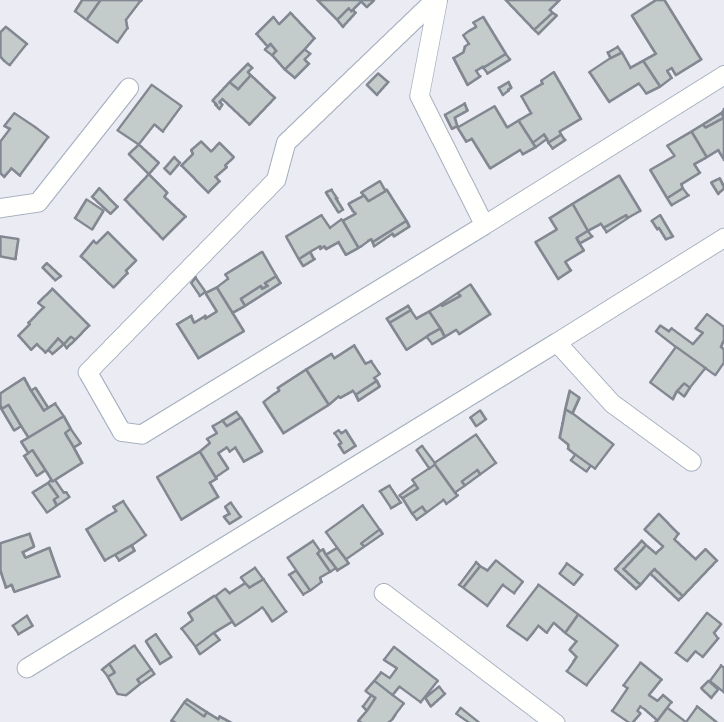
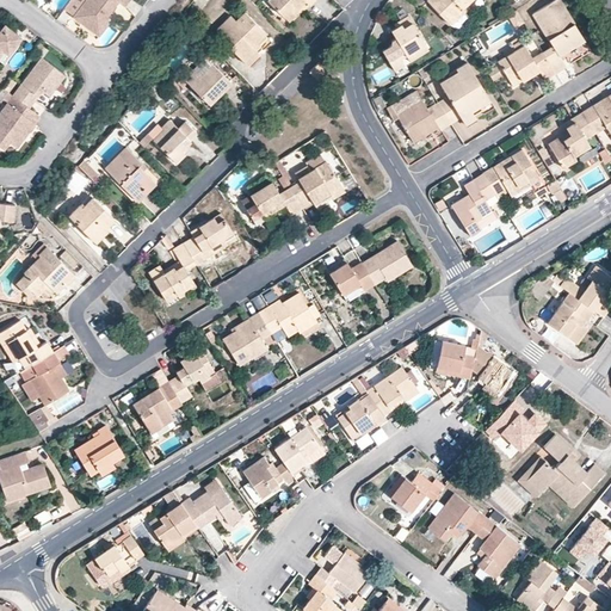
building: [118,85,181,144] -> [12,58,66,109]
building: none -> [436,341,474,379]
building: none -> [487,402,544,449]

